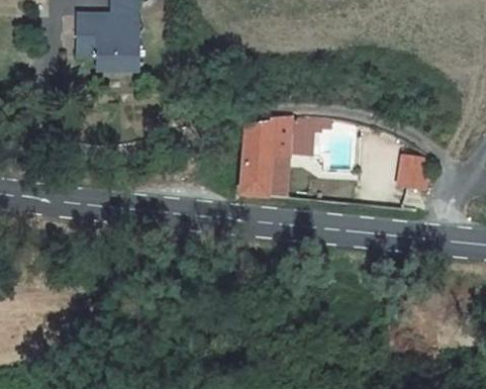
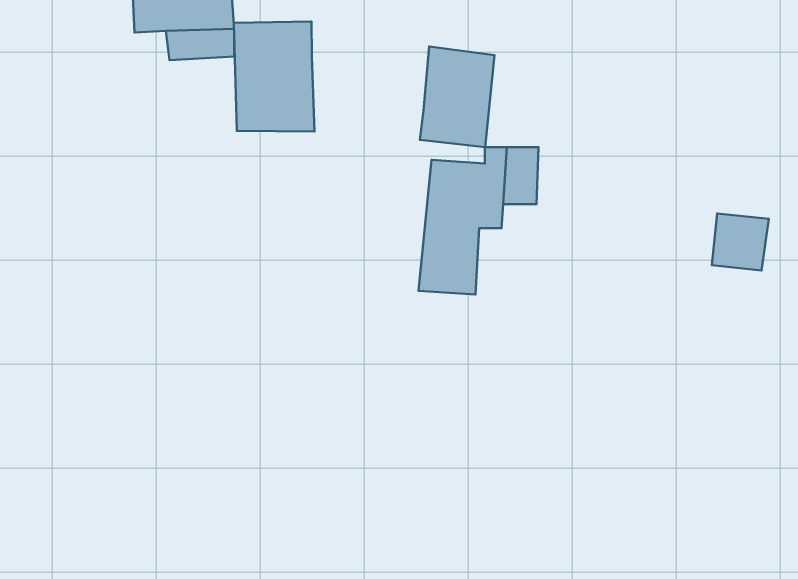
building: none -> [234,22,314,131]
building: none -> [420,46,494,147]

